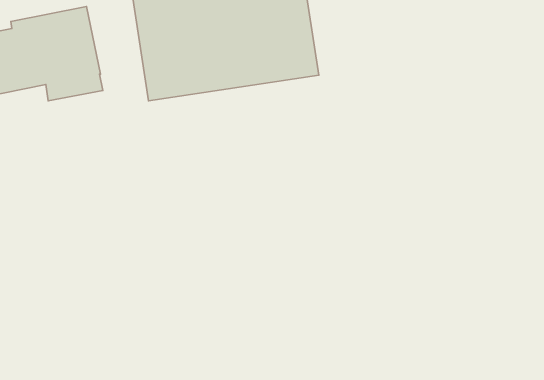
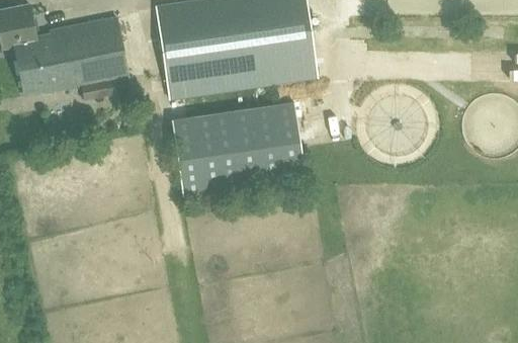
building: none -> [172,101,305,192]

